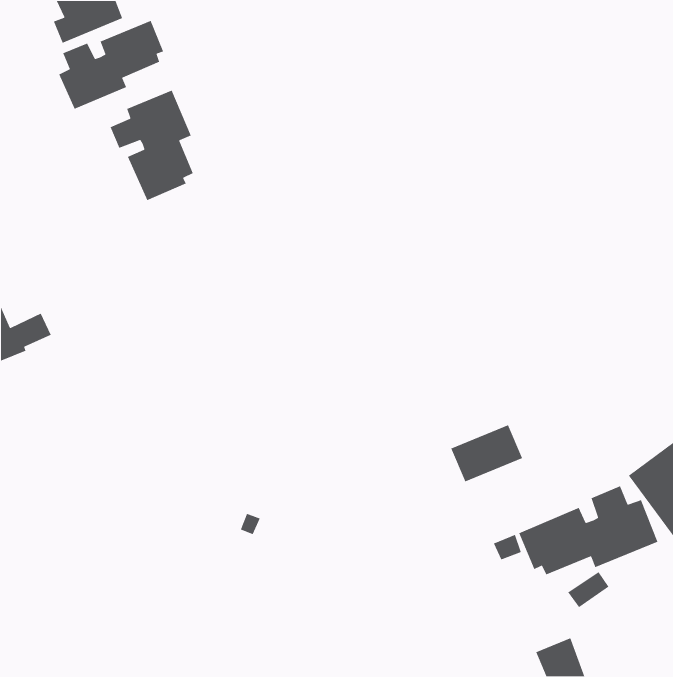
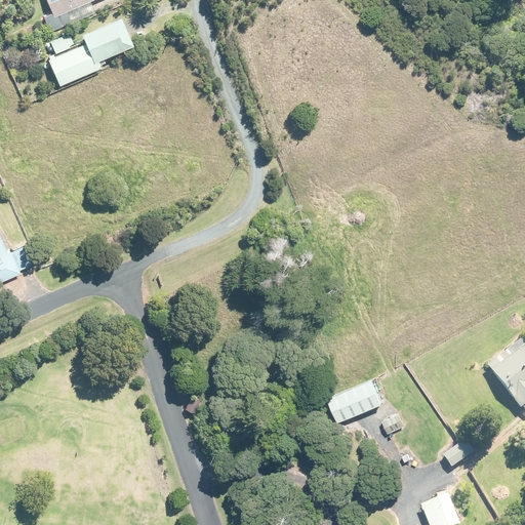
building: [109,89,194,201] -> none
building: [450,424,523,482] -> [328,377,385,422]
building: [518,485,658,575] -> none

